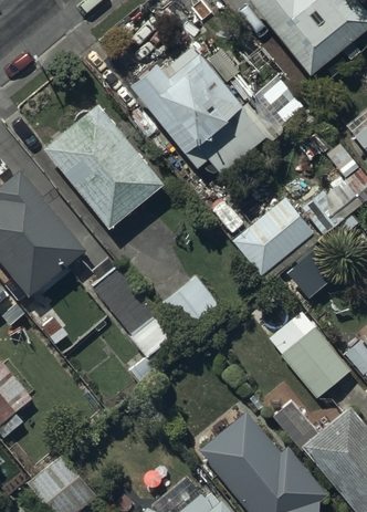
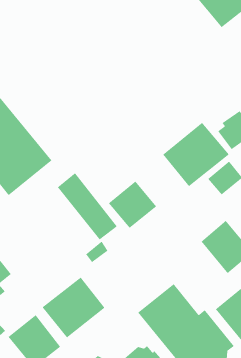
building: [128,45,291,174] -> none
building: [42,103,162,229] -> none
building: none -> [41,277,106,338]

